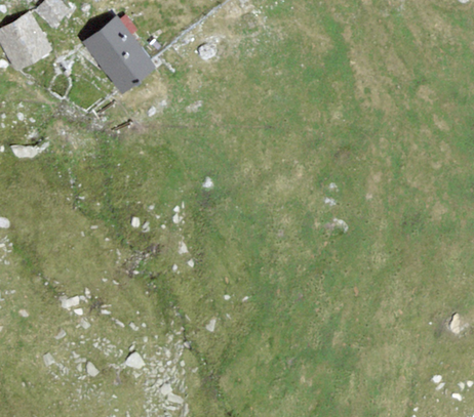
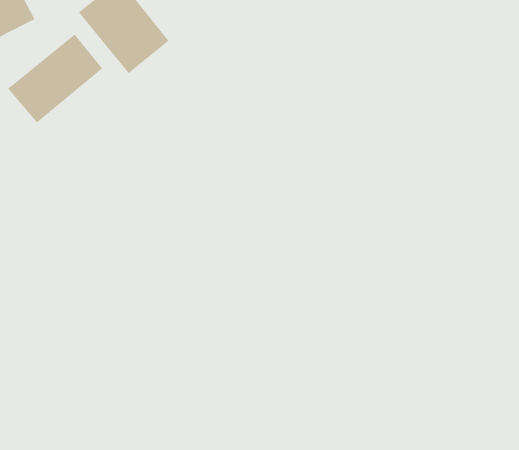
building: none -> [7,33,103,124]

